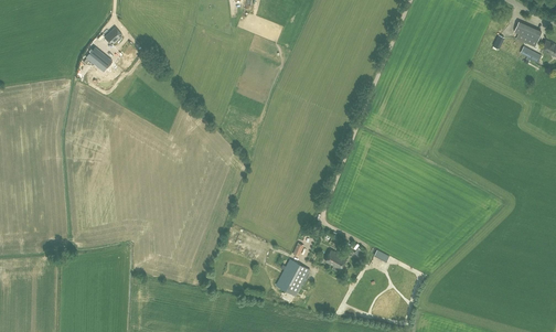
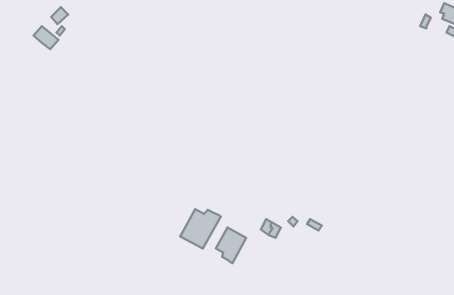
building: none -> [180,209,221,249]

